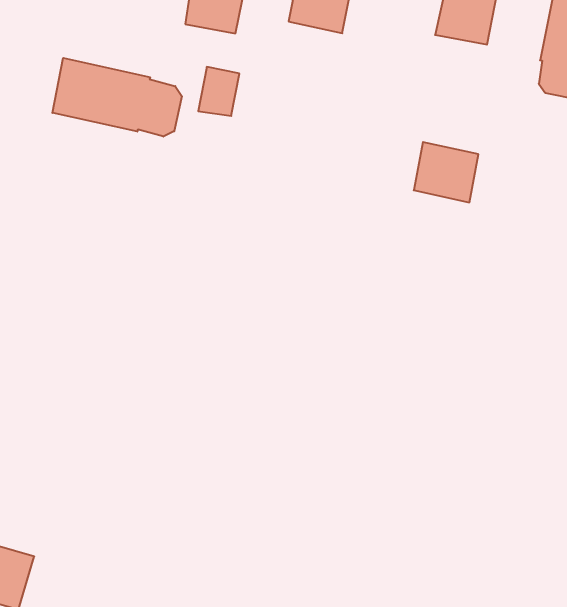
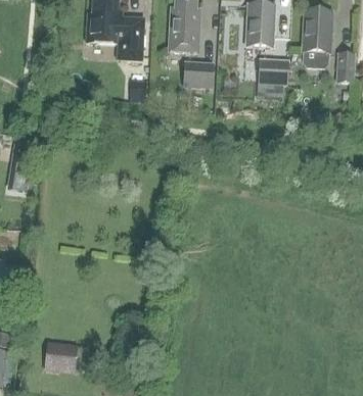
building: none -> [183,60,214,88]
building: [52,58,182,137] -> none
building: [414,142,478,202] -> [258,57,288,85]

